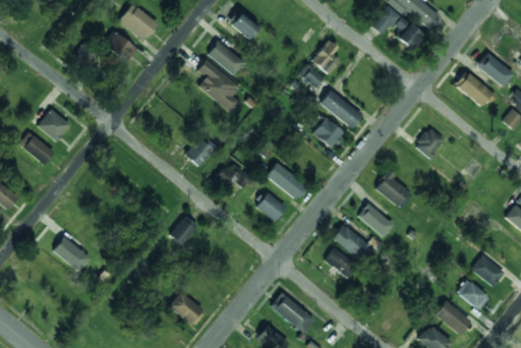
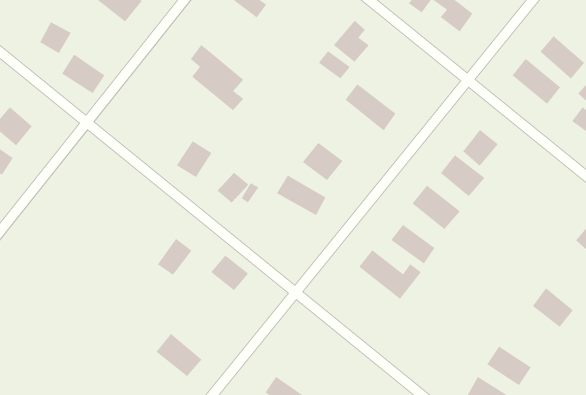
building: [103,31,138,63] -> [61,54,106,94]
building: [208,41,244,74] -> none
building: [312,117,346,149] -> [302,142,344,181]
building: none -> [440,154,485,197]
building: [255,192,287,222] -> [210,254,249,291]
building: [53,237,91,271] -> none
building: [325,248,359,278] -> none
building: [457,279,489,310] -> none
building: [270,294,315,332] -> none

